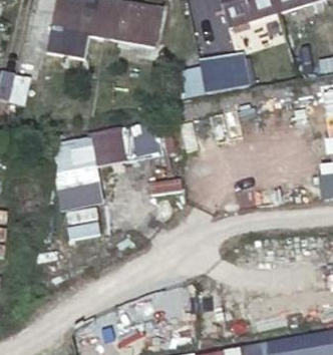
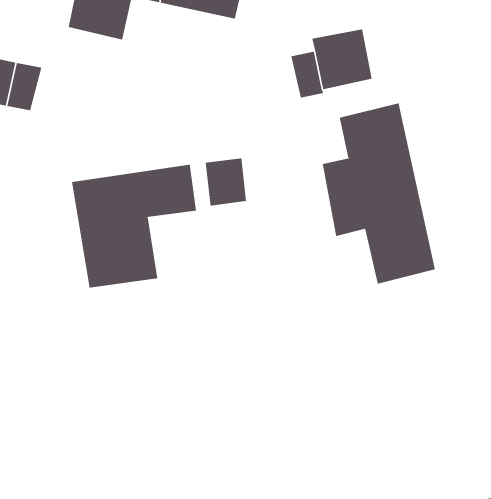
building: none -> [322,103,435,285]

